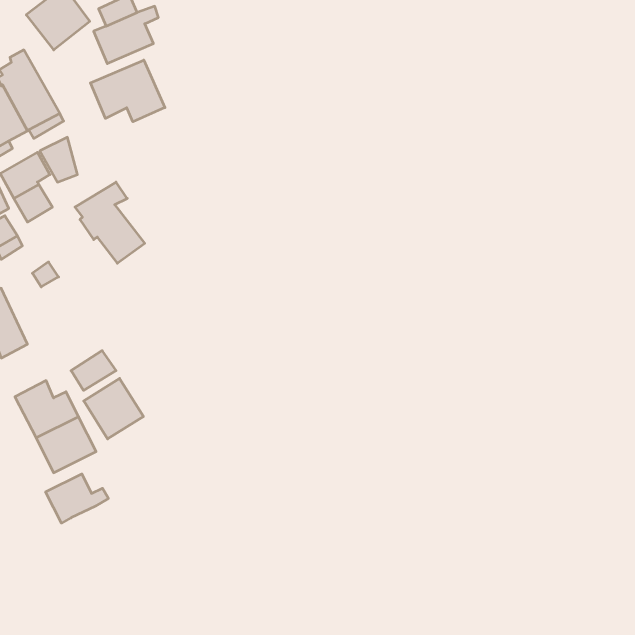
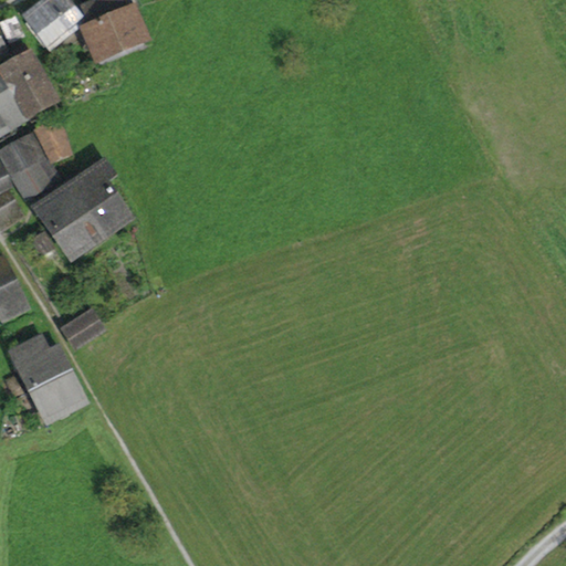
building: [90,60,165,122] -> none
building: none -> [32,184,104,258]
building: [84,378,143,439] -> none
building: [46,474,108,523] -> none

